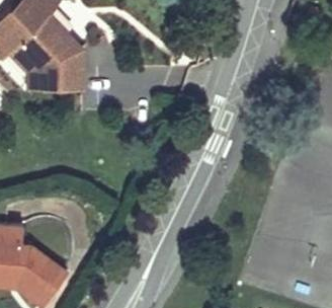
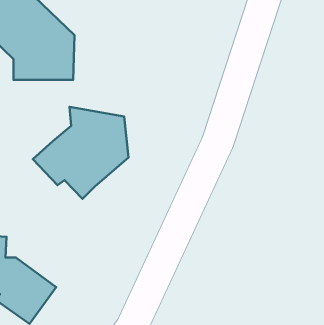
building: none -> [33,107,129,199]

